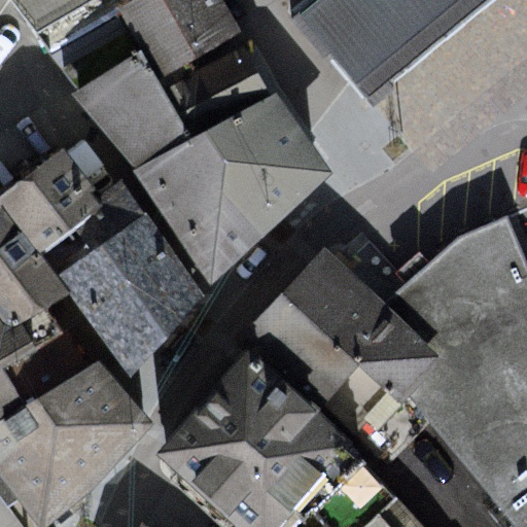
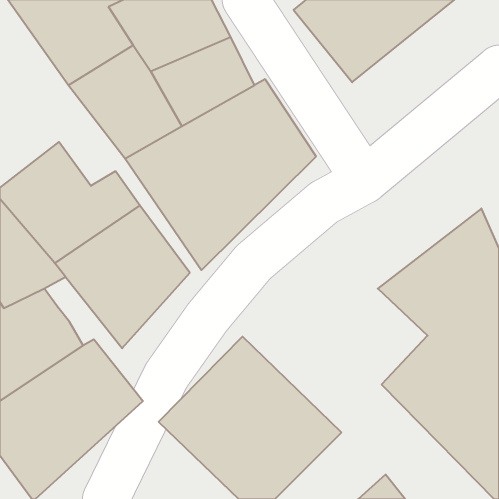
building: [254,251,450,443] -> none

